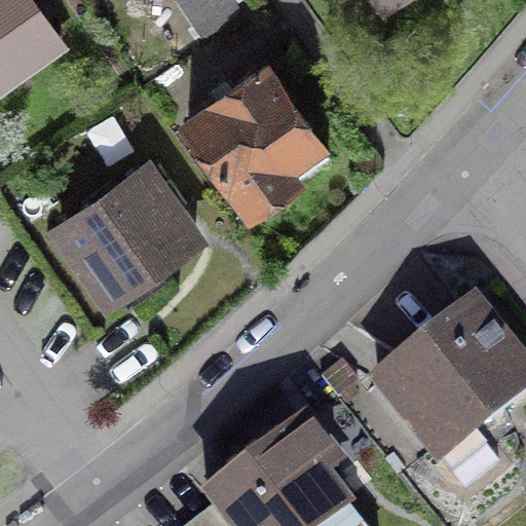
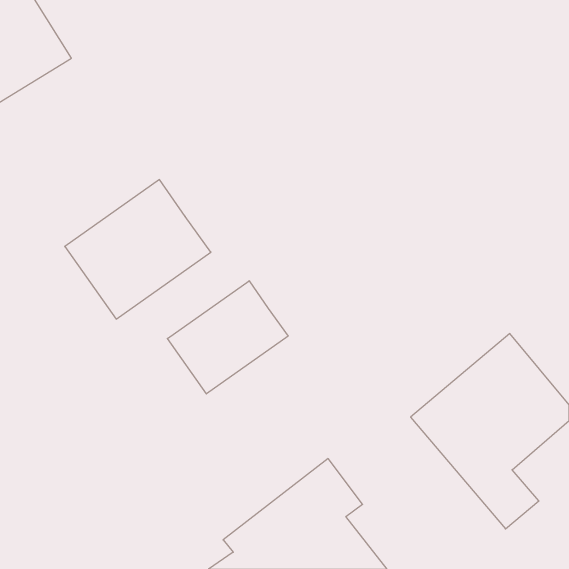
building: [187,65,327,205] -> none
building: none -> [167,281,288,394]

